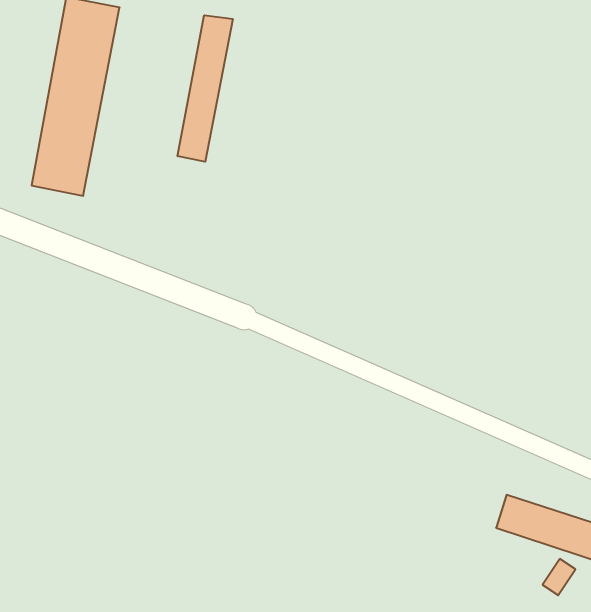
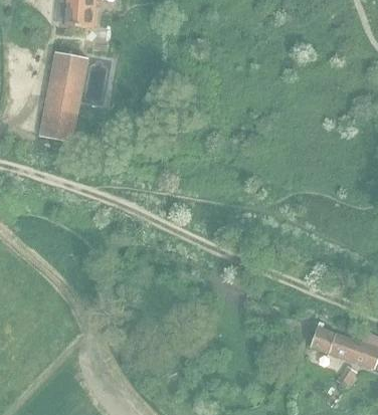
building: [178,15,233,162] -> none

